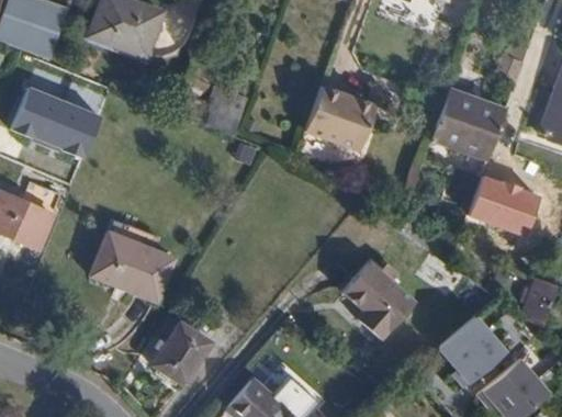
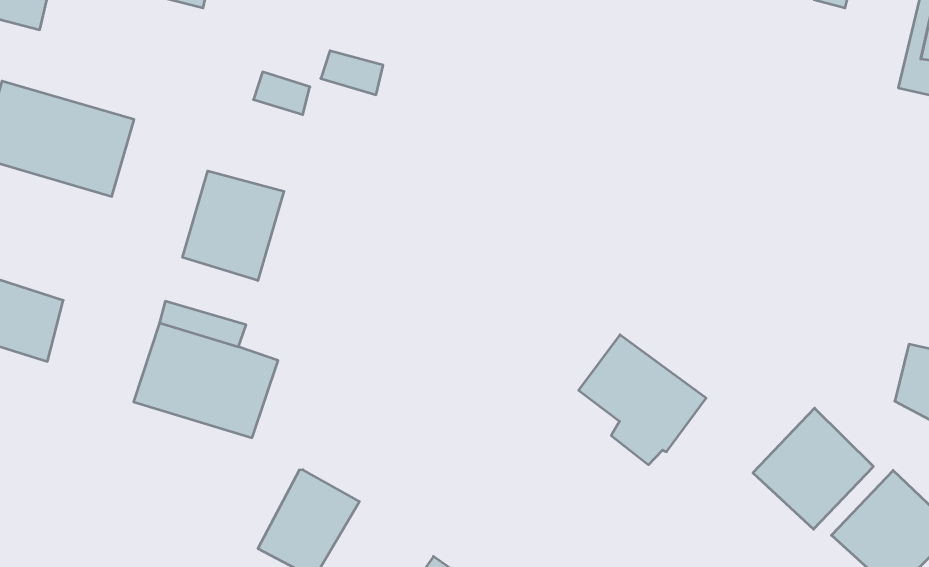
building: [304,82,382,148] -> none
building: [431,91,503,156] -> none
building: none -> [183,171,284,281]
building: [470,176,542,235] -> none

